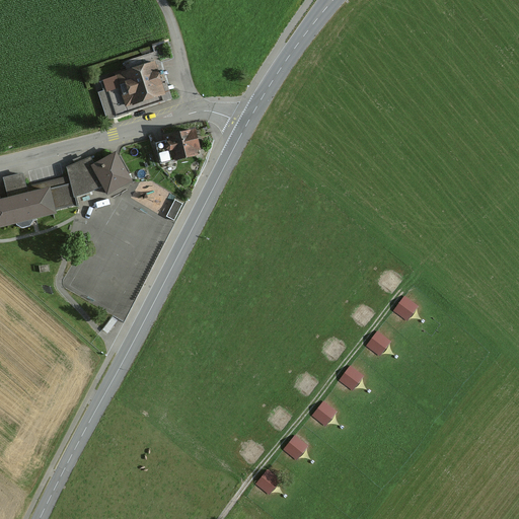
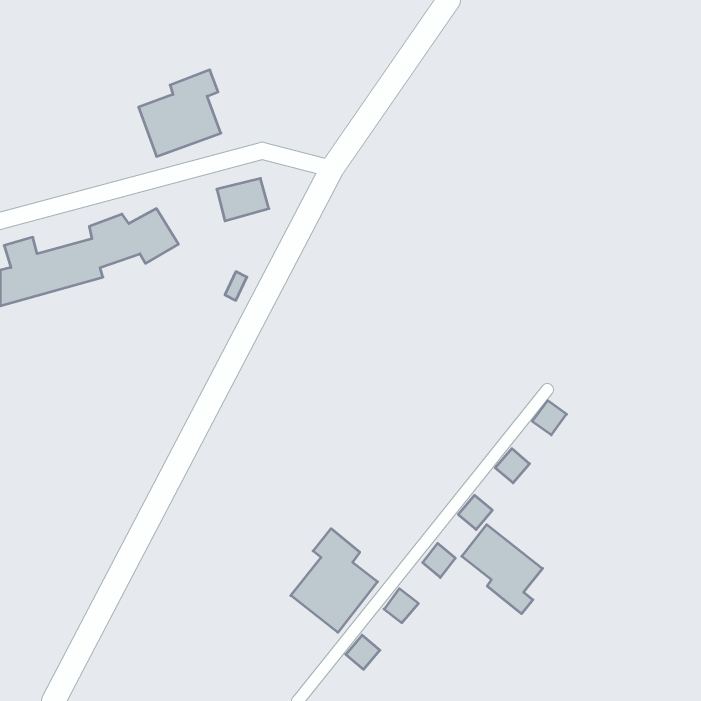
building: none -> [462,525,543,614]
building: none -> [291,529,378,632]

